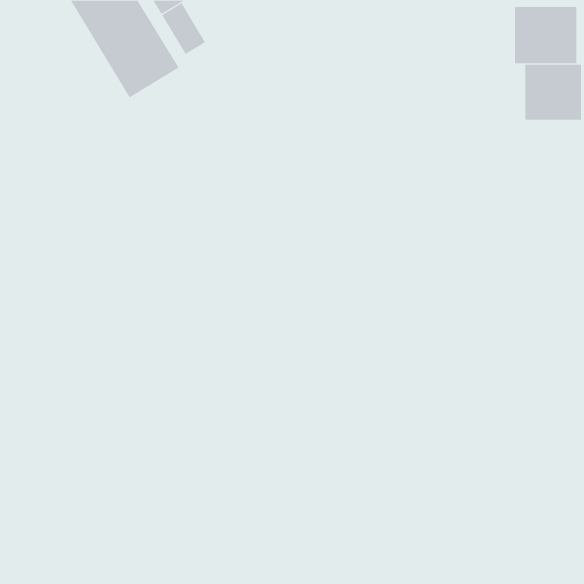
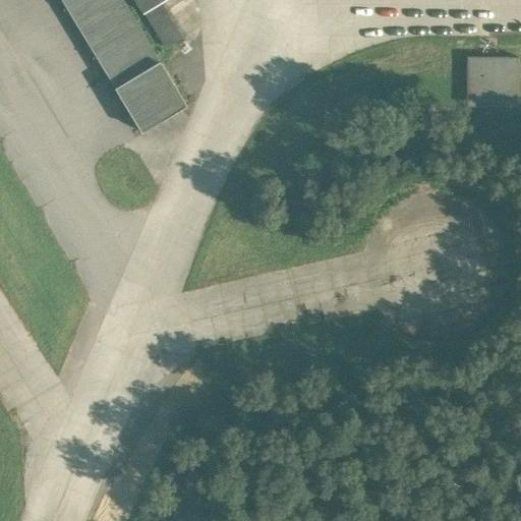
building: [514,6,577,64] -> none
building: none -> [115,60,187,132]

